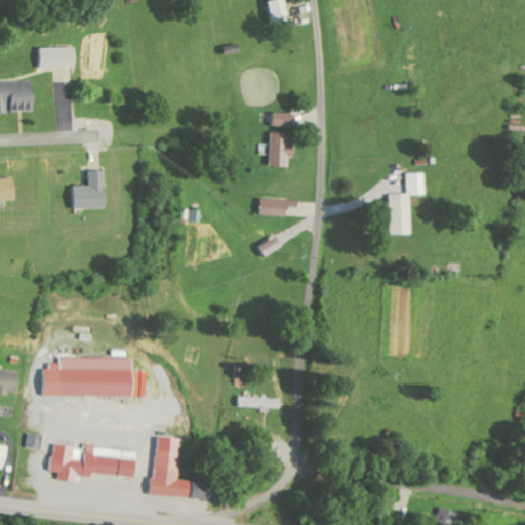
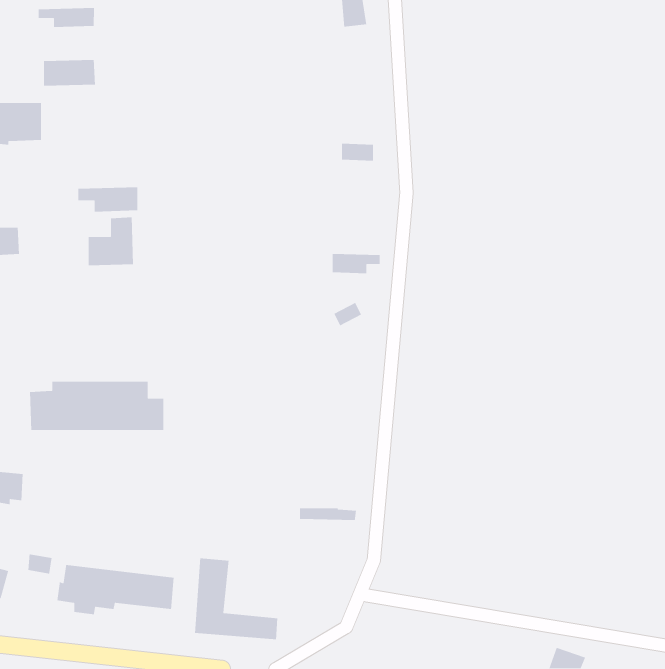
building: none -> [38,7,95,28]
building: [267,131,291,166] -> none
building: none -> [77,187,138,212]
building: [387,172,422,234] -> none
building: [38,357,144,396] -> [29,381,164,431]

